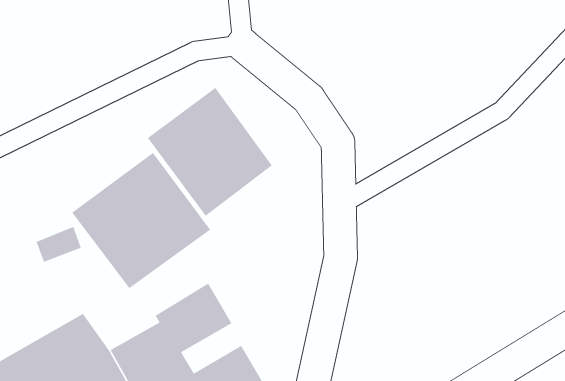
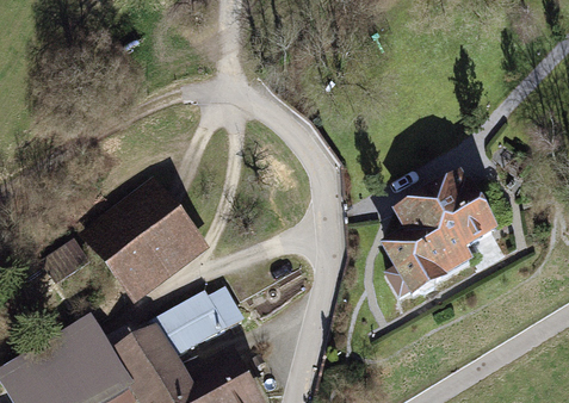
building: [147,87,273,217] -> none
building: none -> [386,185,489,296]

